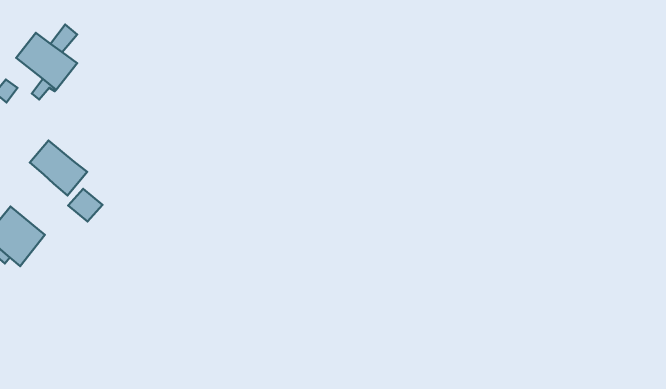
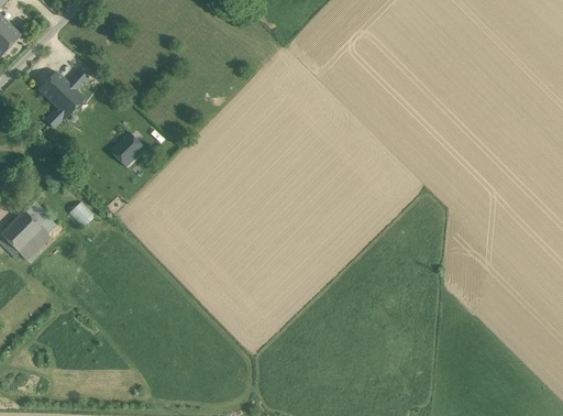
building: none -> [111,131,145,165]
building: [30,140,87,195] -> none

